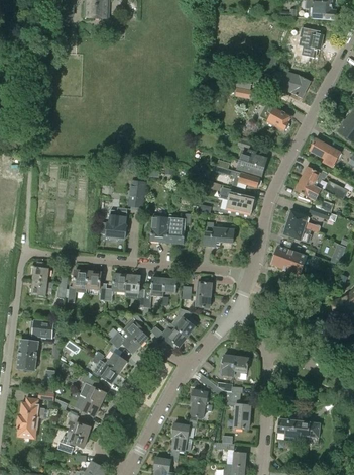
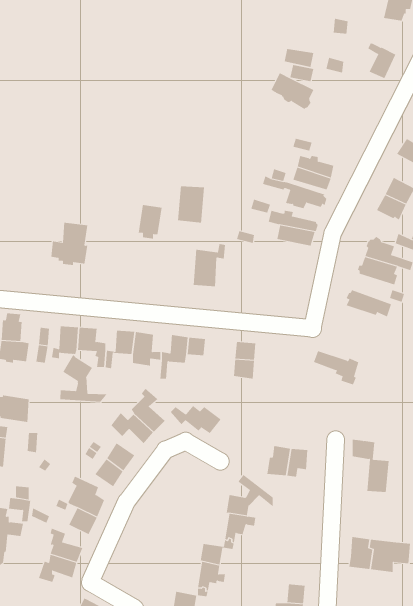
building: [260,104,290,130] -> [271,73,314,110]
building: [101,209,127,240] -> [51,222,88,266]
building: [150,216,169,243] -> [177,186,205,223]
building: [205,222,234,247] -> none
building: [271,257,304,281] -> [313,351,359,385]
building: none -> [60,354,108,402]
building: [171,308,198,337] -> none
building: [224,391,250,429] -> [352,439,389,493]

